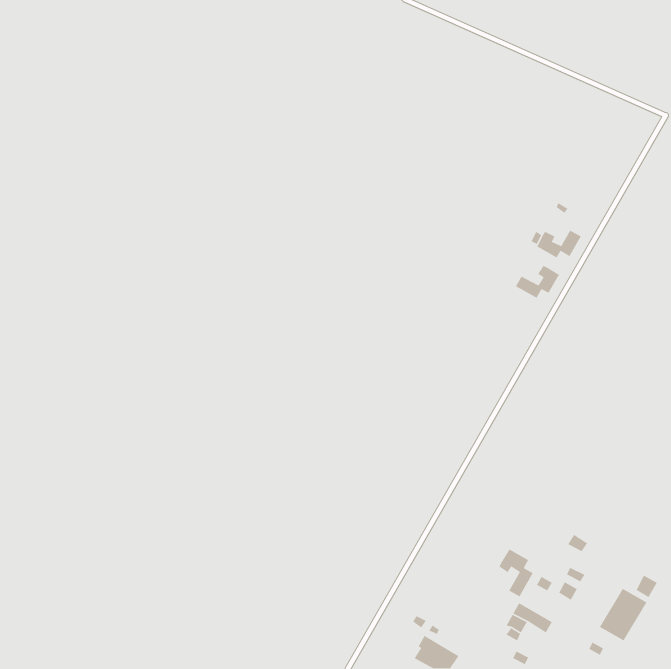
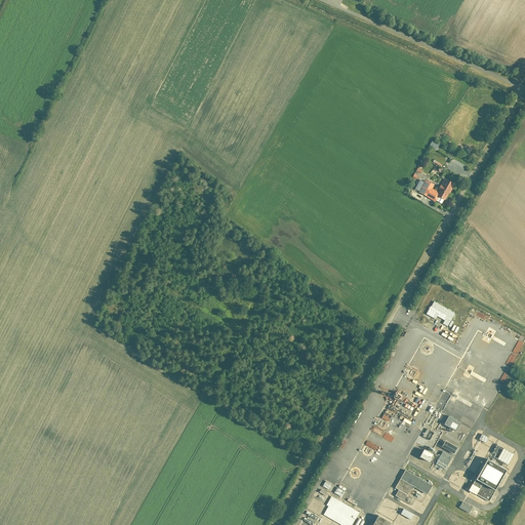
building: [515,265,560,299] -> none
building: [498,548,534,597] -> none

